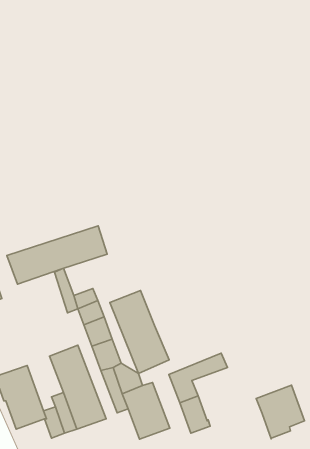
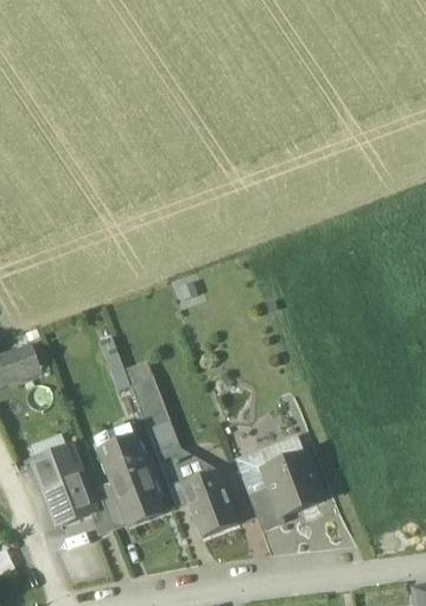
building: [7,226,107,284] -> none
building: [110,290,169,373] -> none
building: [256,385,305,439] -> [265,452,322,515]

